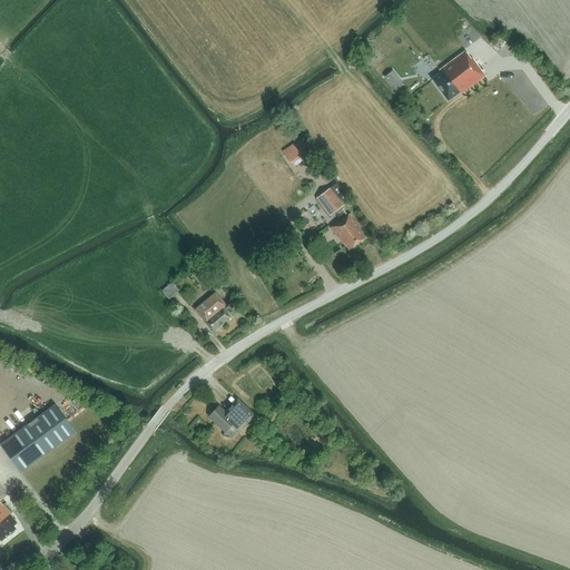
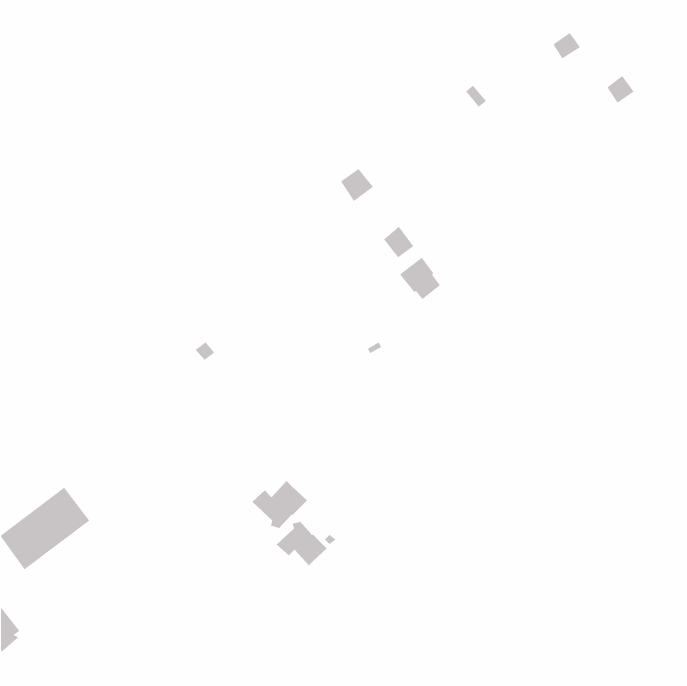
building: [432,51,484,99] -> none
building: [195,292,232,331] -> none
building: none -> [276,521,328,566]

